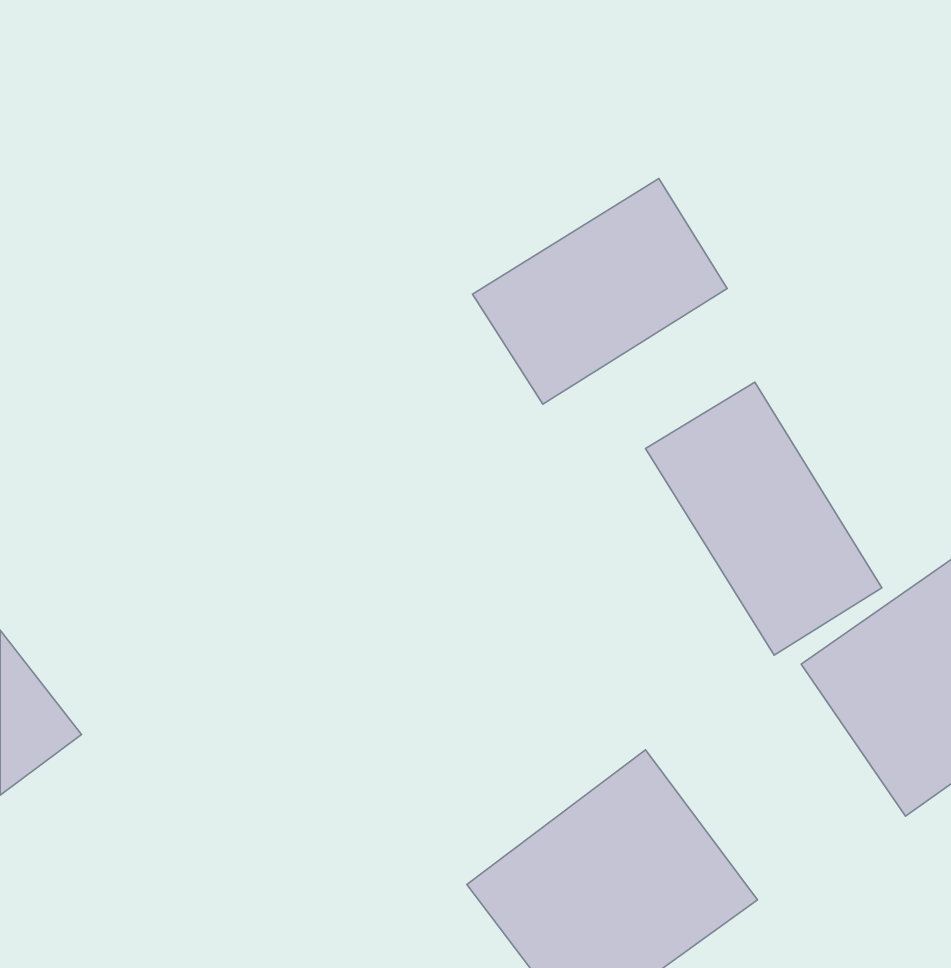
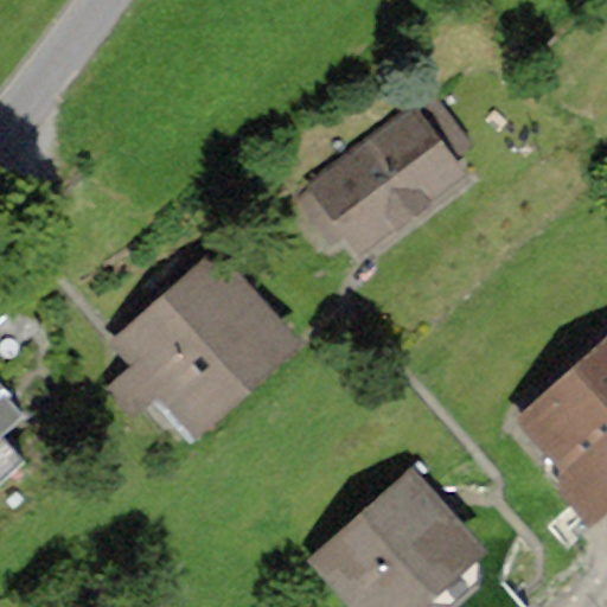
building: [645,382,882,655] -> none
building: none -> [111,249,300,434]

